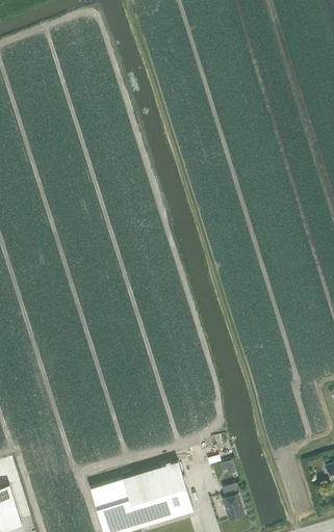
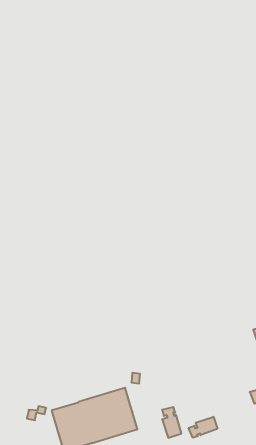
building: none -> [189,417,217,438]

